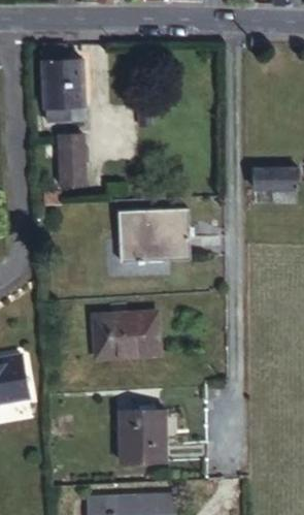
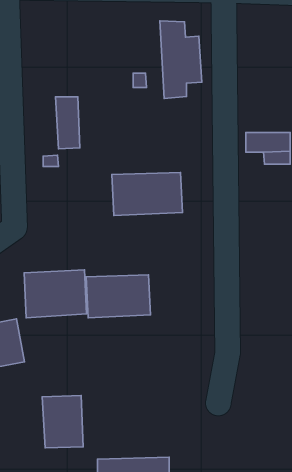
building: [44,42,87,121] -> [160,21,202,99]
building: none -> [24,270,87,318]
building: [125,415,166,468] -> [42,396,83,448]

